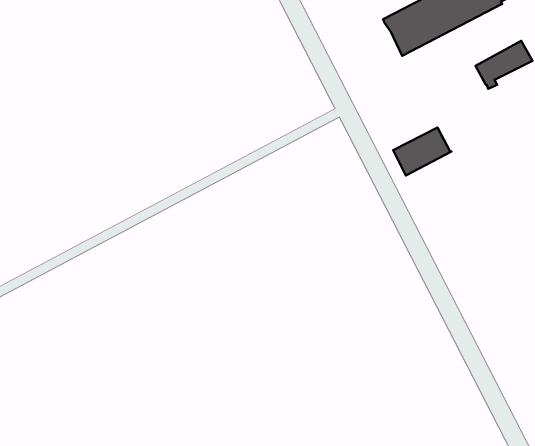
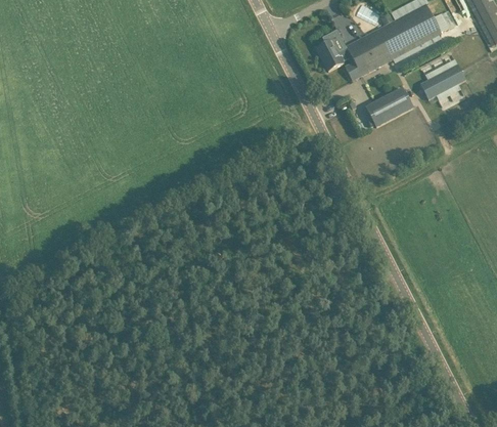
building: none -> [316,39,361,80]
building: [393,128,451,176] -> [366,87,413,126]

